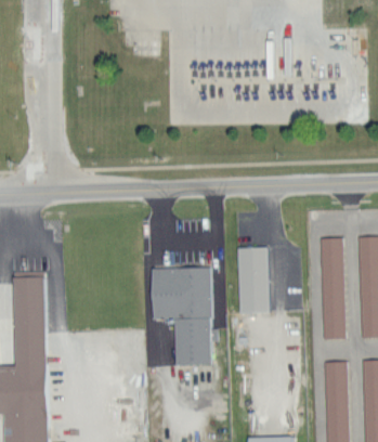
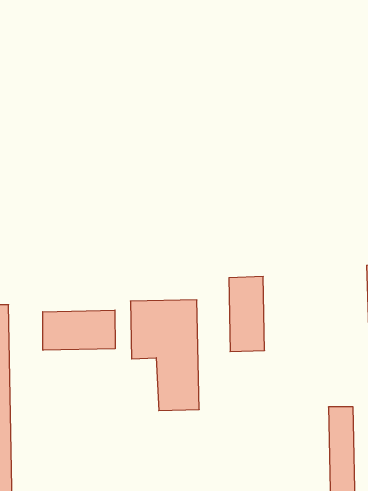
building: [321,237,346,339] -> none
building: none -> [43,310,115,350]

